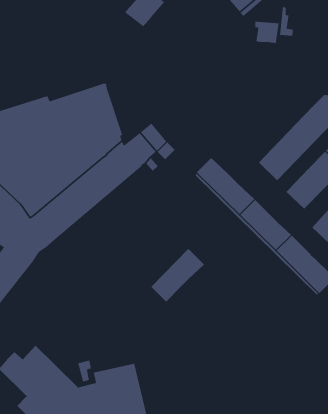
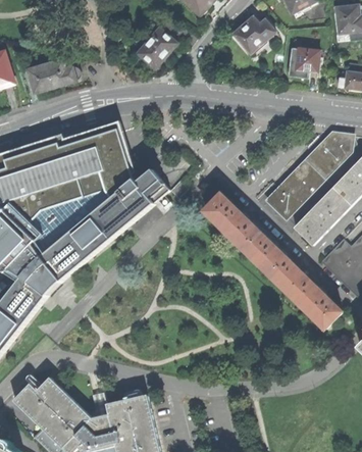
building: none -> [27,61,73,92]
building: [254,21,280,44] -> [294,48,318,70]
building: [150,247,205,303] -> none

